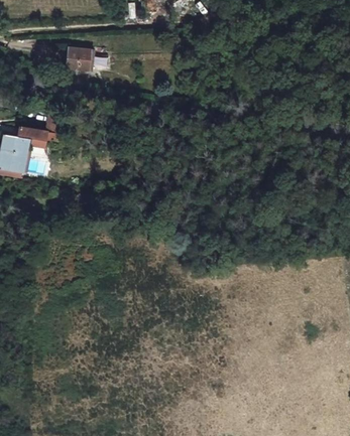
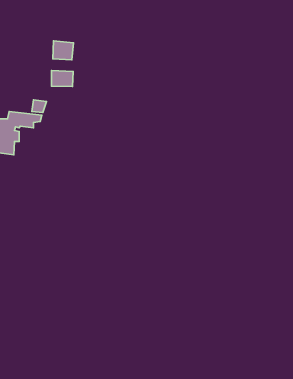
building: none -> [51,71,73,87]

